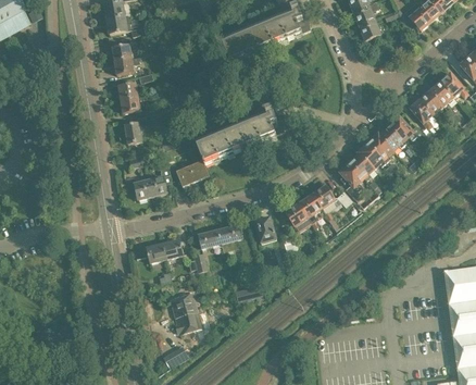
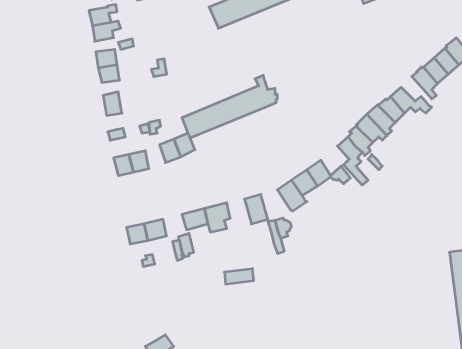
building: [171,291,203,336] -> none

